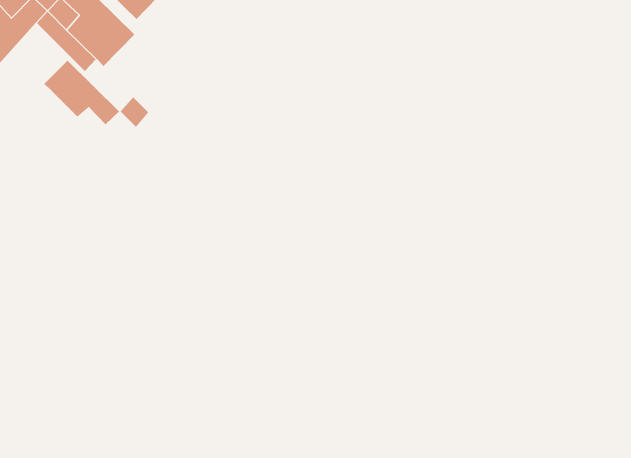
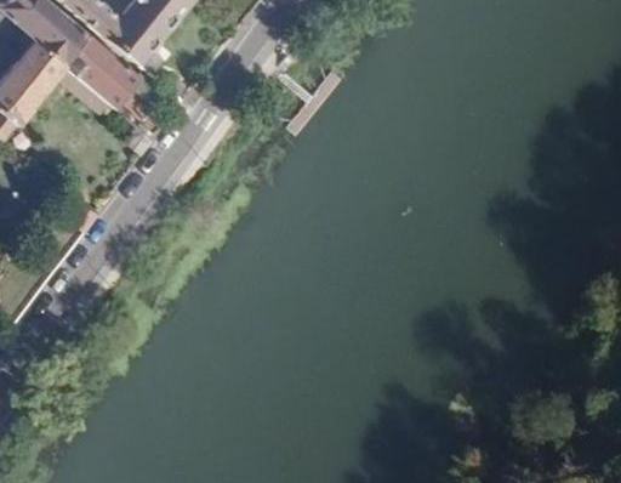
building: [43,60,120,125] -> none

